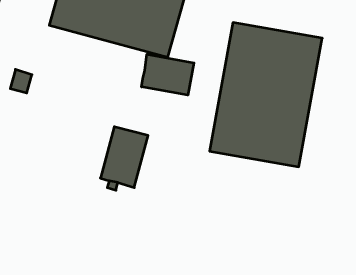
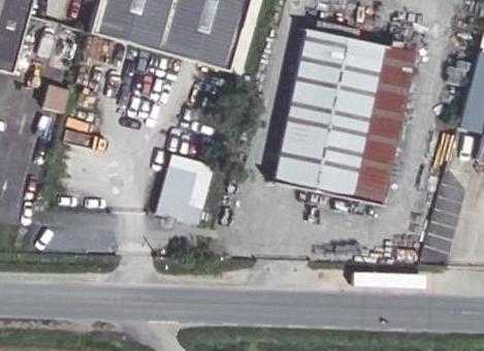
building: [142,54,194,95] -> none

